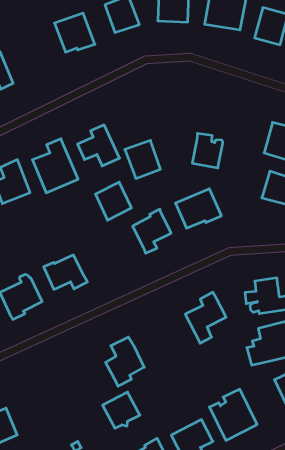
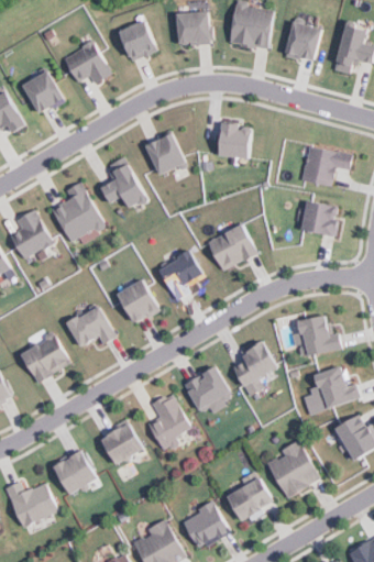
building: none -> [20,69,63,113]
building: [192,133,223,168] -> [223,123,255,159]
building: [125,140,160,178] -> [143,132,184,175]
building: [95,182,131,220] -> [122,280,163,323]
building: none -> [183,363,228,407]
building: none -> [52,450,94,492]
building: [103,392,140,428] -> [99,421,141,462]

